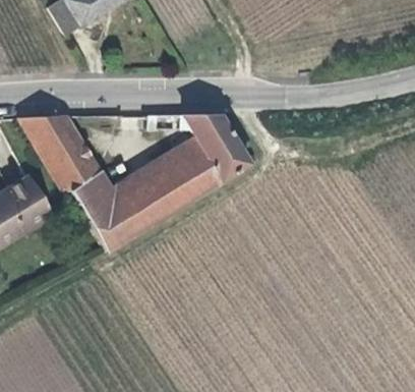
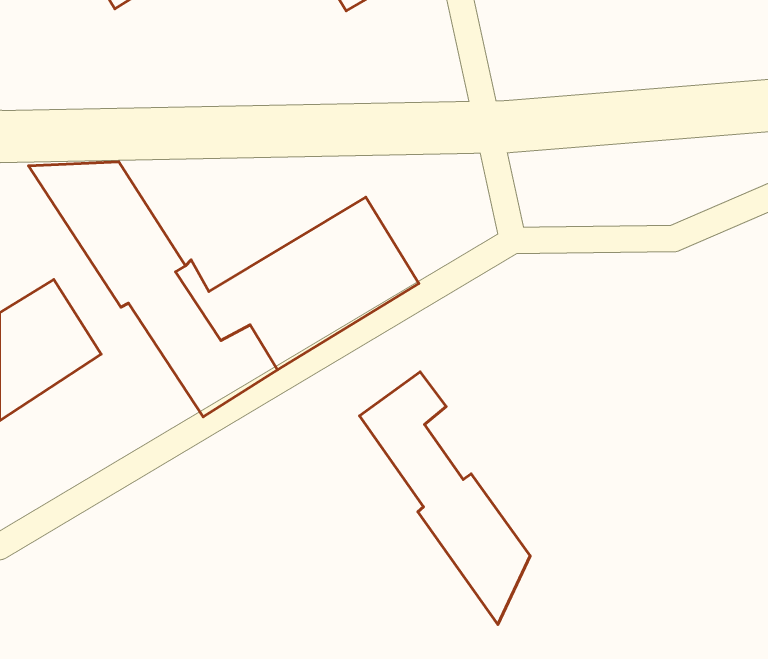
building: [149,114,248,179] -> none
building: none -> [359,372,530,625]

